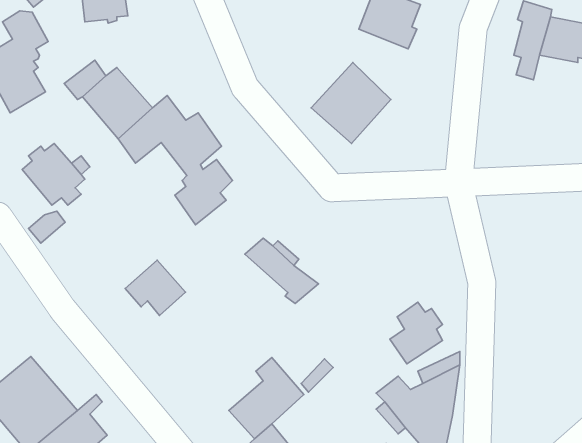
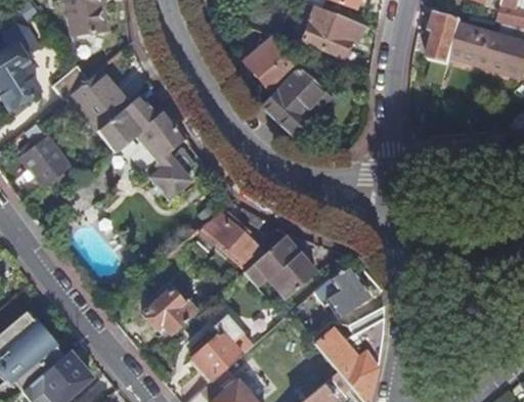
building: none -> [242,37,294,89]
building: [125,260,185,316] -> [143,289,193,336]
building: none -> [243,236,314,297]

